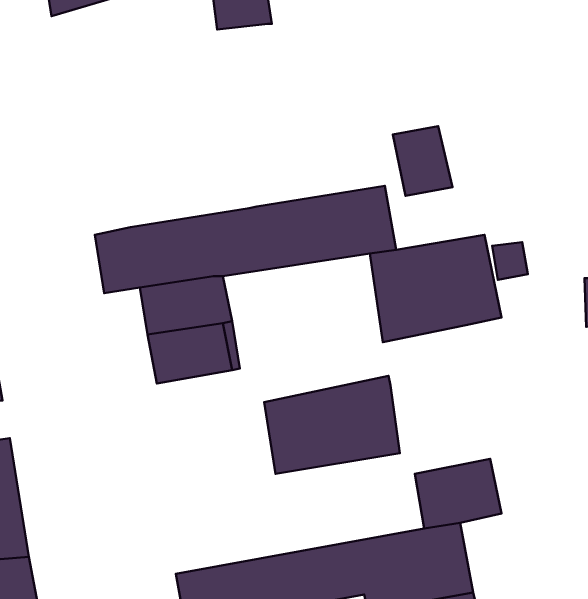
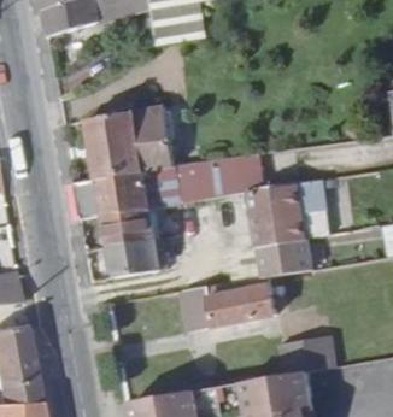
building: none -> [87,106,171,178]
building: [393,126,452,196] -> none
building: none -> [257,241,315,280]

